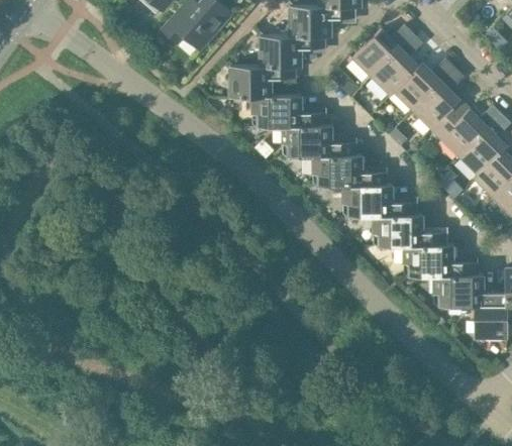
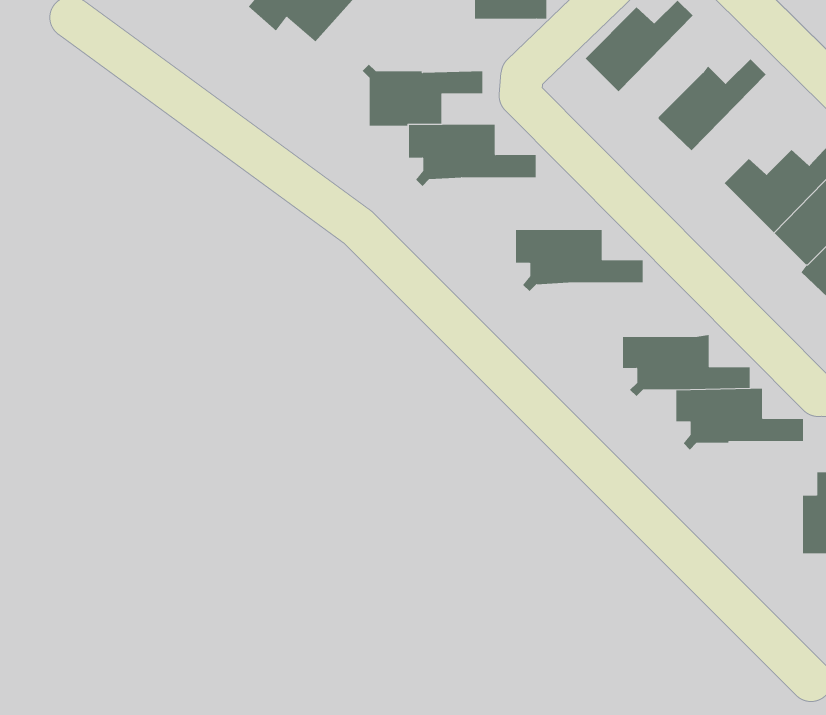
building: [254,31,324,67] -> none
building: [371,34,422,96] -> none
building: [412,68,469,129] -> none
building: [282,125,354,160] -> none
building: [342,185,415,221] -> none
building: [433,274,483,311] -> none

